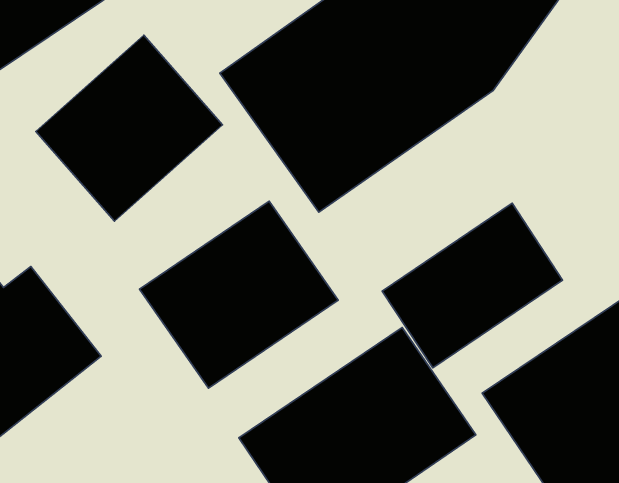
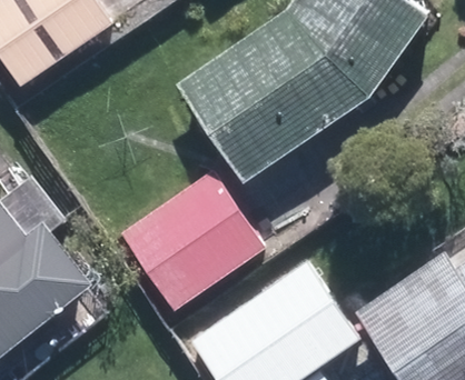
building: [36,35,222,221] -> none
building: [382,203,563,368] -> none

